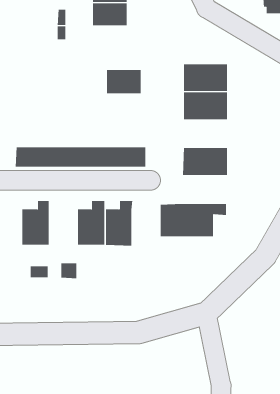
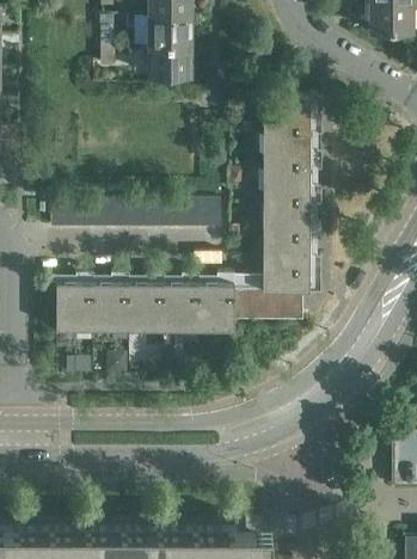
building: [106,69,141,94] -> [146,48,191,79]
building: none -> [263,168,320,204]
building: none -> [262,240,320,276]
building: none -> [91,272,127,330]
building: none -> [197,272,233,331]

